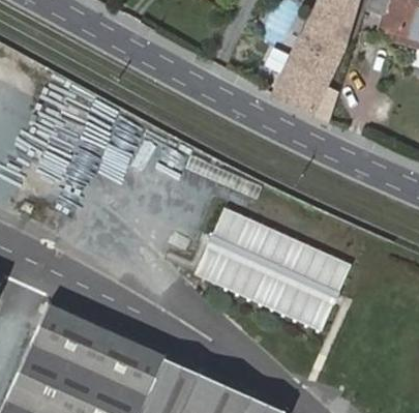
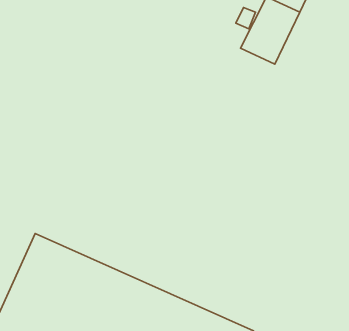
building: [194,208,353,333] -> none

